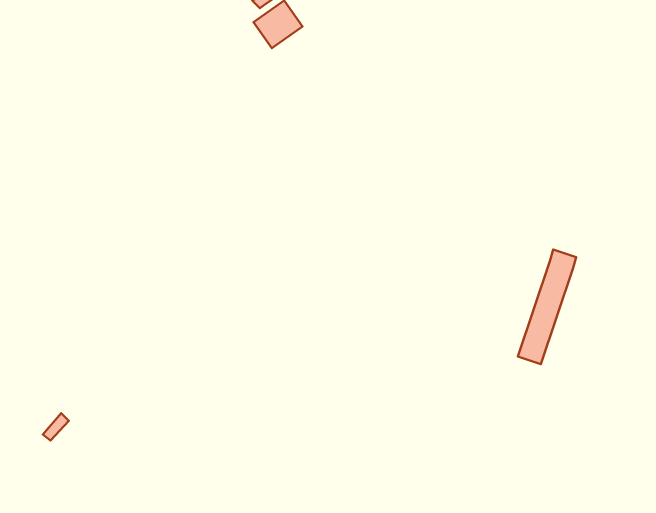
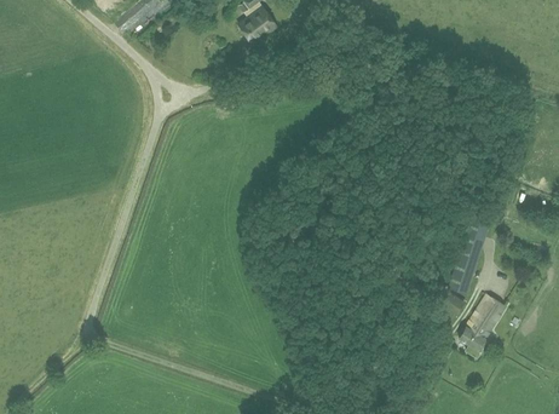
building: none -> [459,293,506,347]

